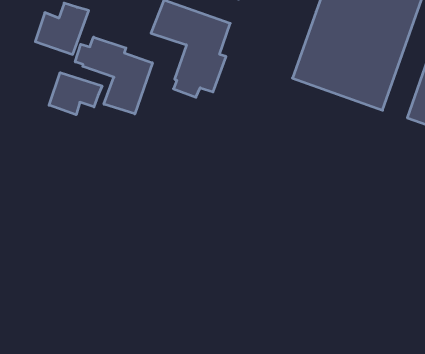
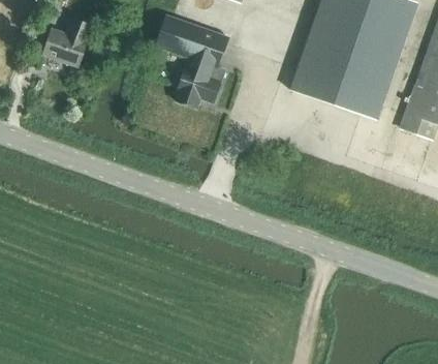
building: [75,37,152,114] -> none
building: [49,73,102,115] -> none

